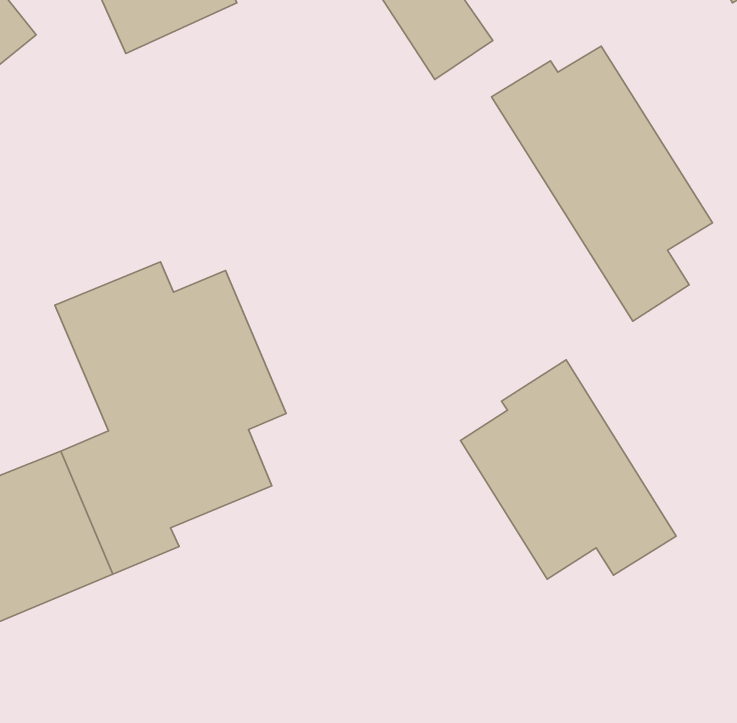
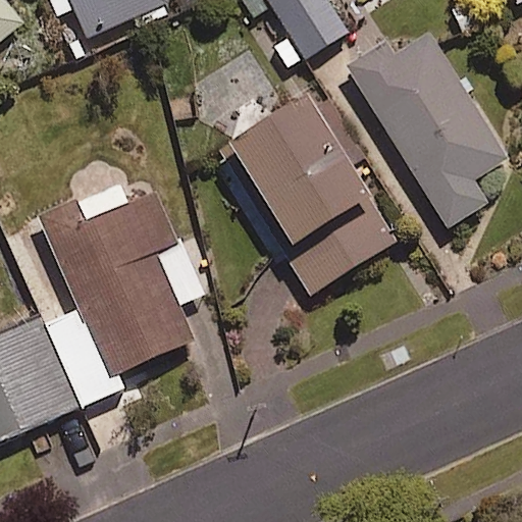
building: none -> [222,100,390,293]
building: [461,360,676,579] -> none

